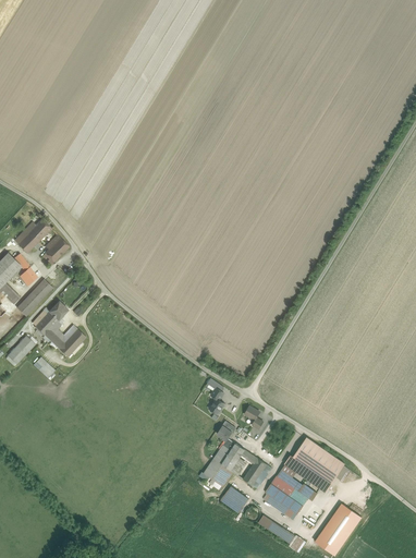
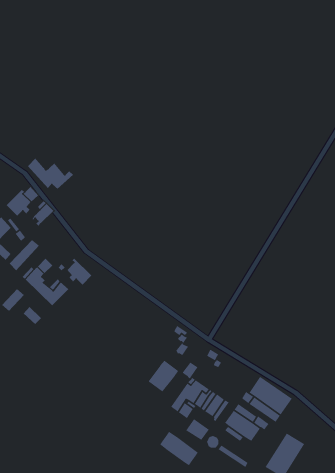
building: none -> [27,158,74,189]
building: none -> [67,258,92,286]
building: none -> [148,360,179,393]
building: none -> [159,431,199,466]

